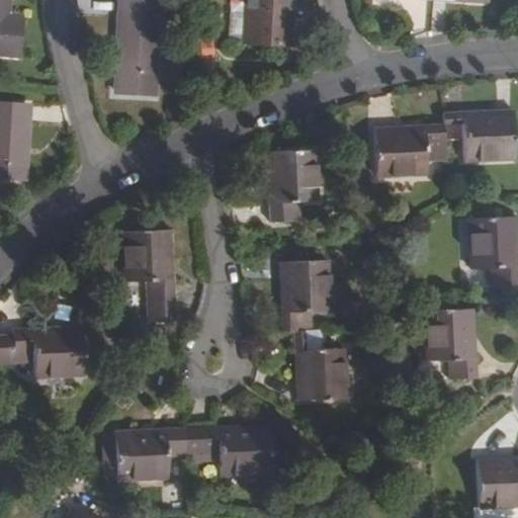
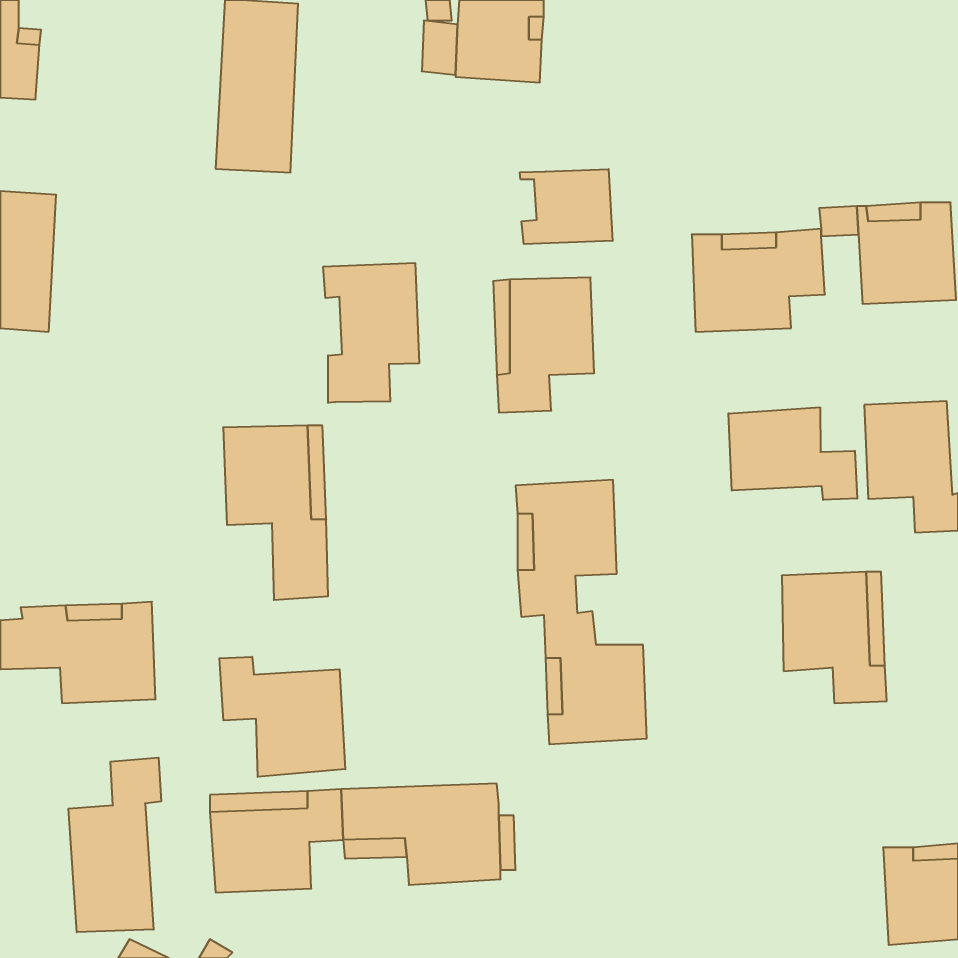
building: none -> [520,169,613,244]
building: none -> [323,263,419,403]
building: none -> [728,407,857,500]
building: none -> [219,657,345,777]
building: none -> [68,758,161,932]

